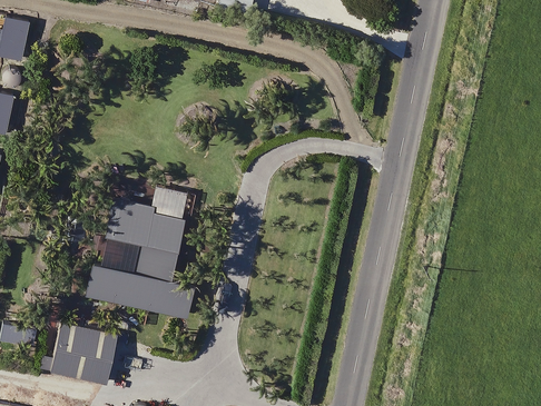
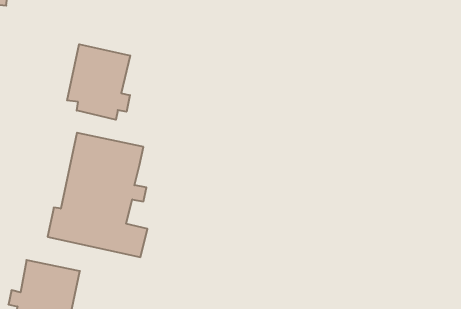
building: none -> [67,44,130,120]

